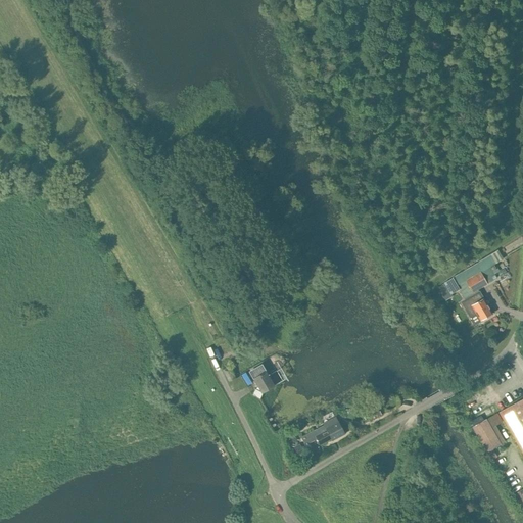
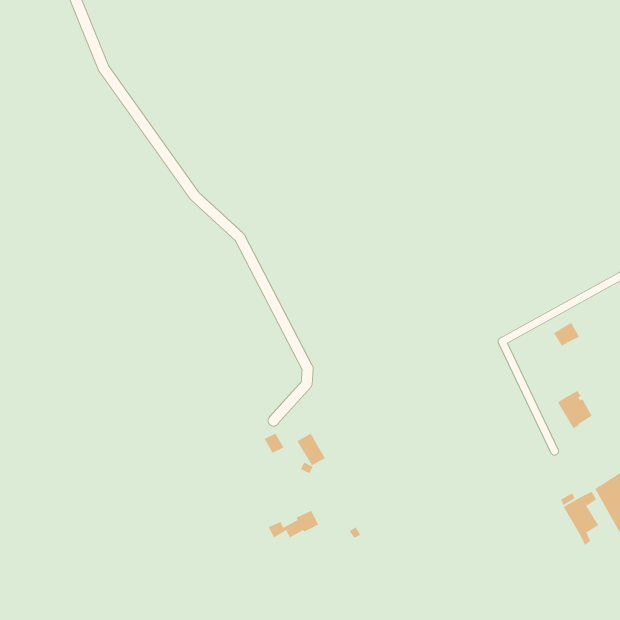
building: [463,291,492,324] -> [557,390,593,429]
building: [302,421,345,444] -> [268,510,319,538]

